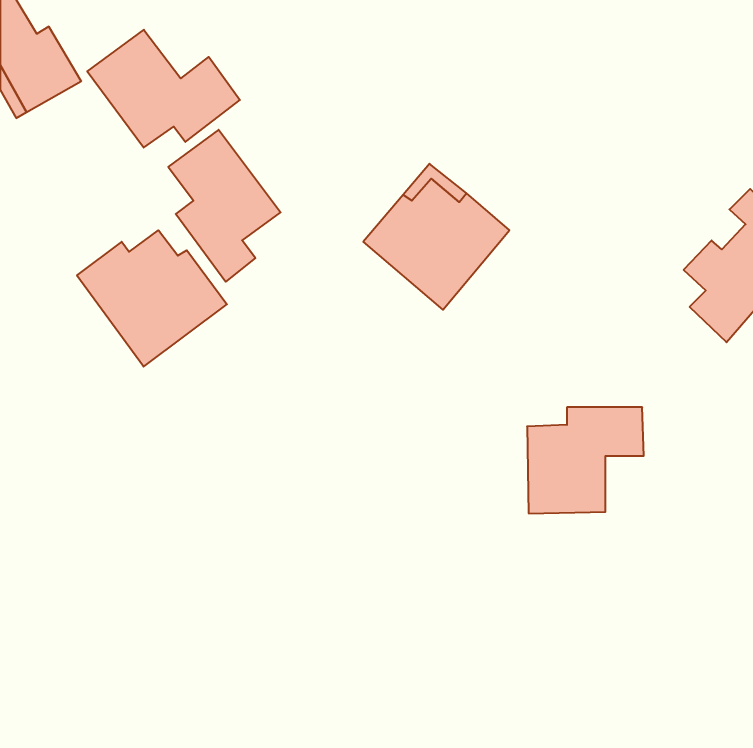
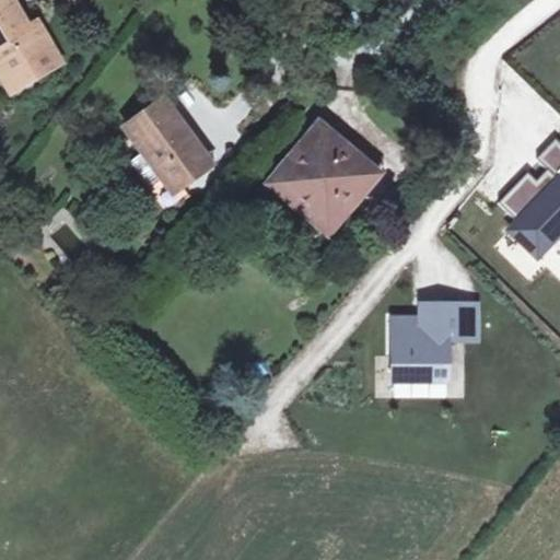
building: [87,30,240,148] -> none
building: [77,230,227,367] -> none

